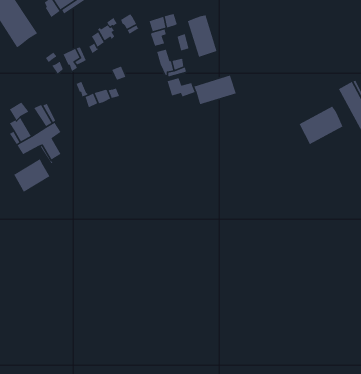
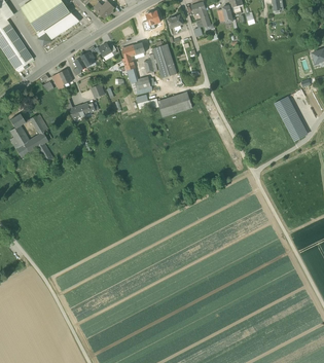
building: [298,105,343,145] -> none
building: [13,158,51,193] -> none

